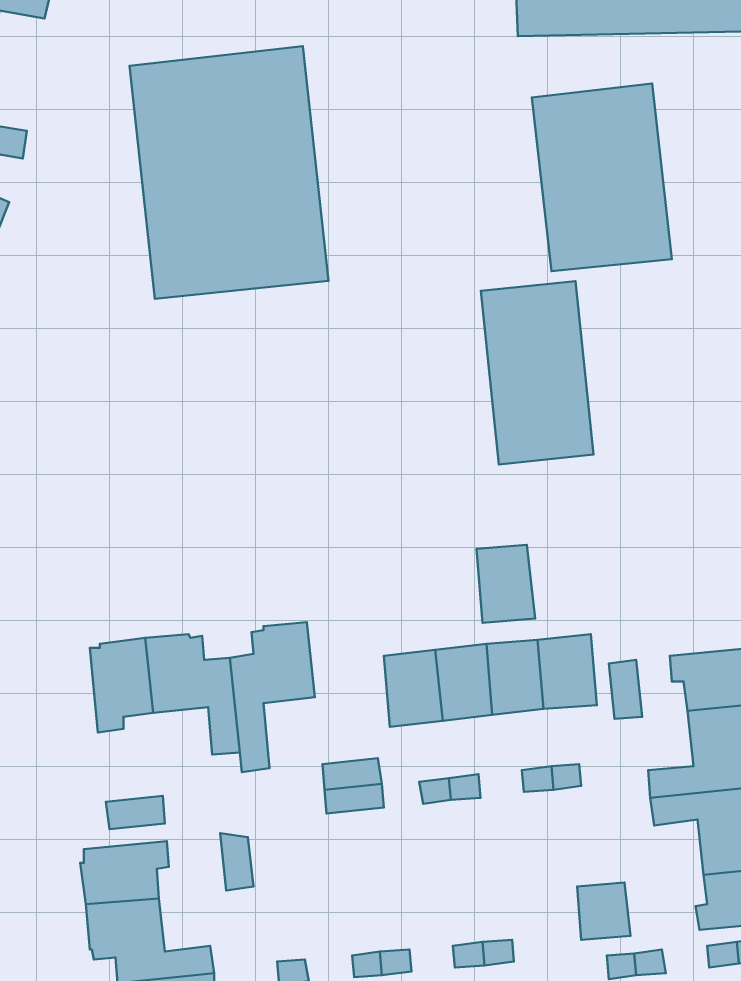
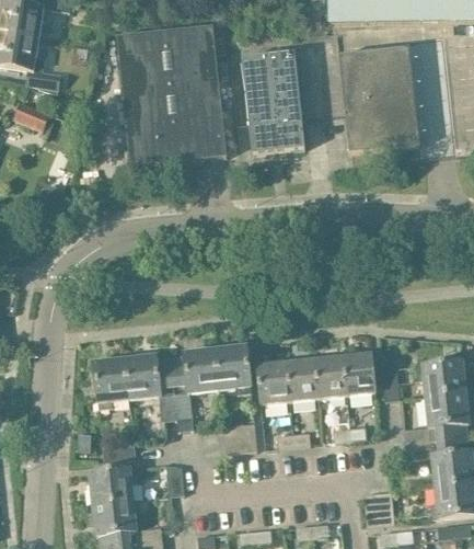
building: [481,281,593,464] -> [242,53,304,155]
building: [476,545,535,623] -> none
building: none -> [215,344,252,393]

